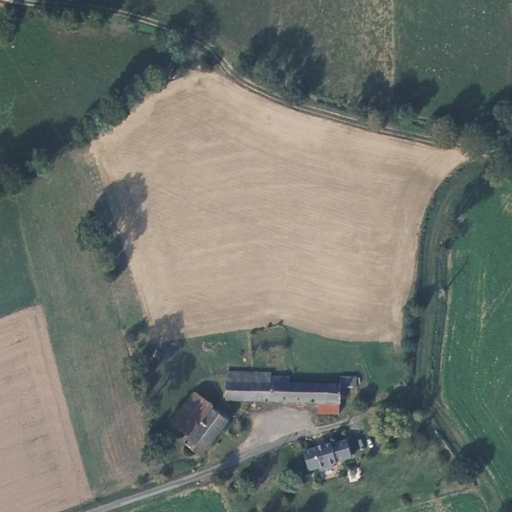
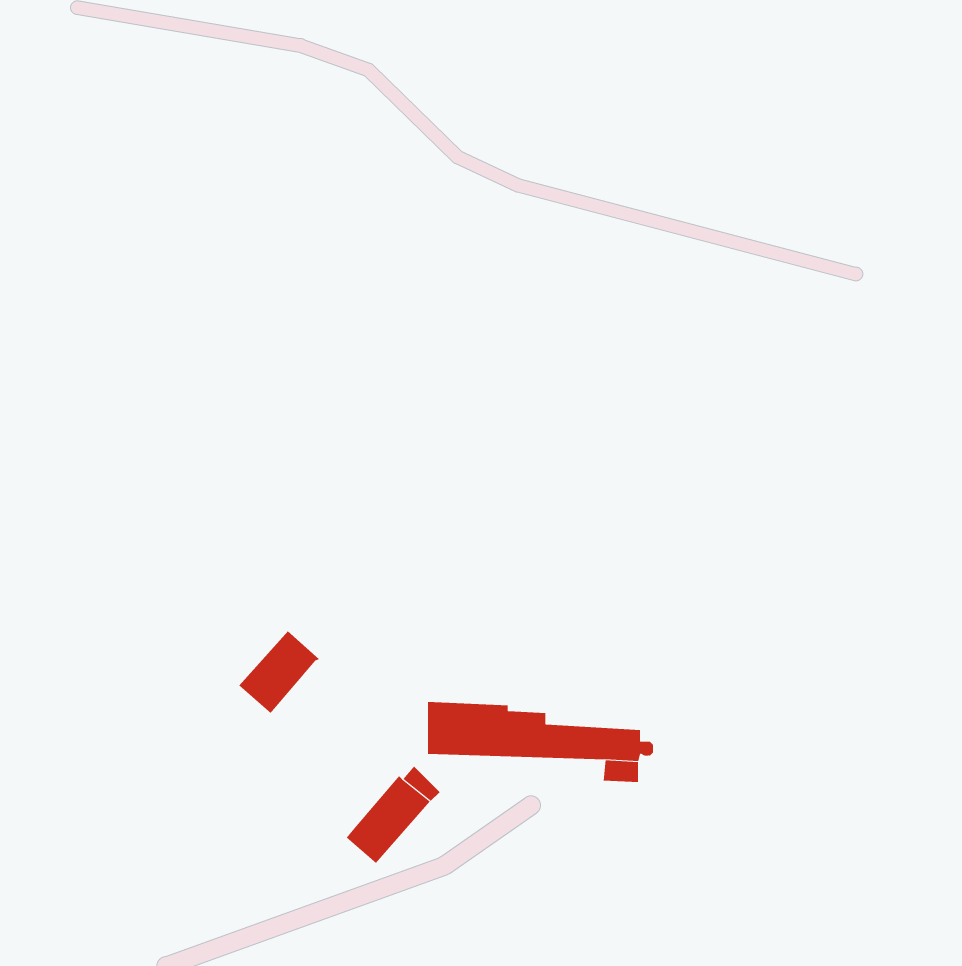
building: [170,394,213,438] -> [239,631,320,714]
building: [303,438,349,471] -> none

